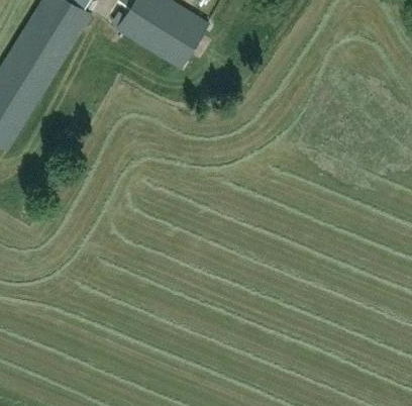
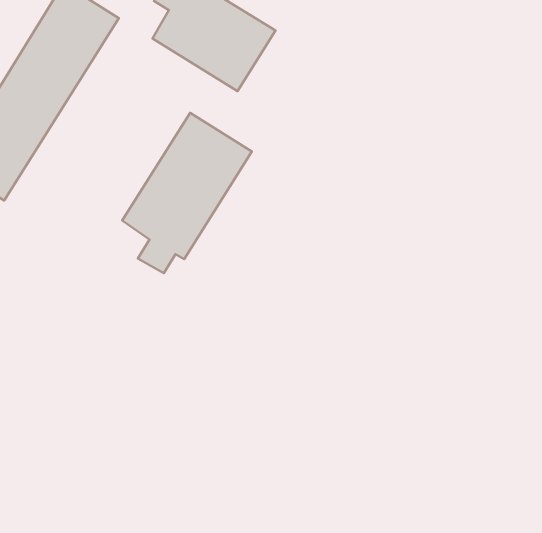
building: none -> [122,113,252,273]

